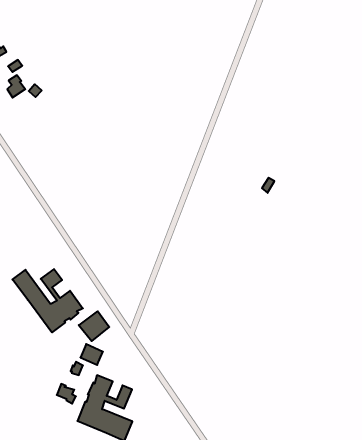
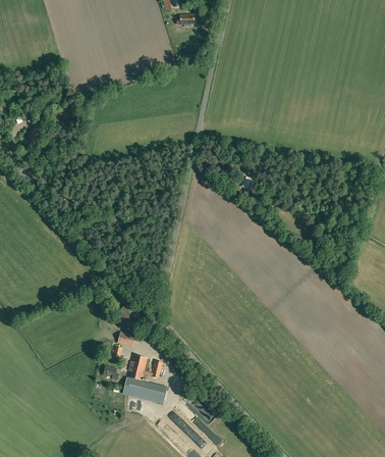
building: [12,269,83,332] -> none

